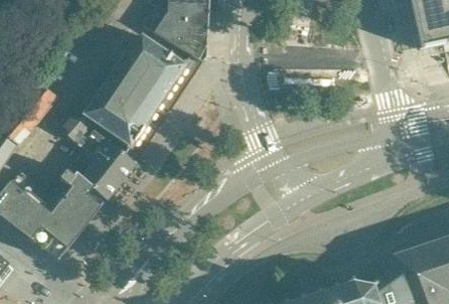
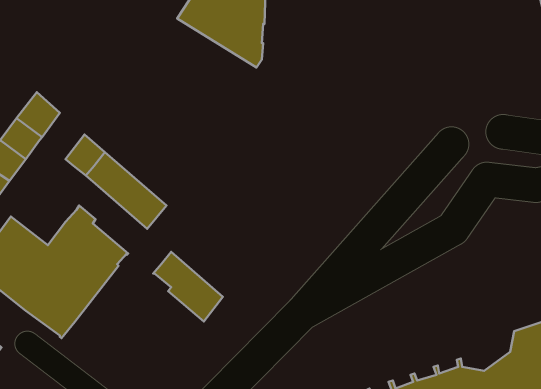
building: [83,34,188,146] -> none
building: [70,146,122,197] -> [153,252,223,321]

